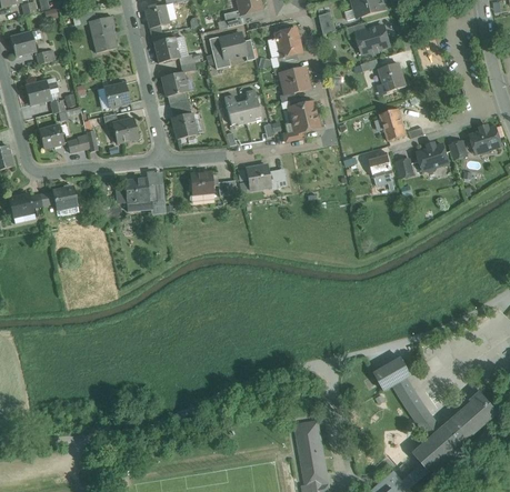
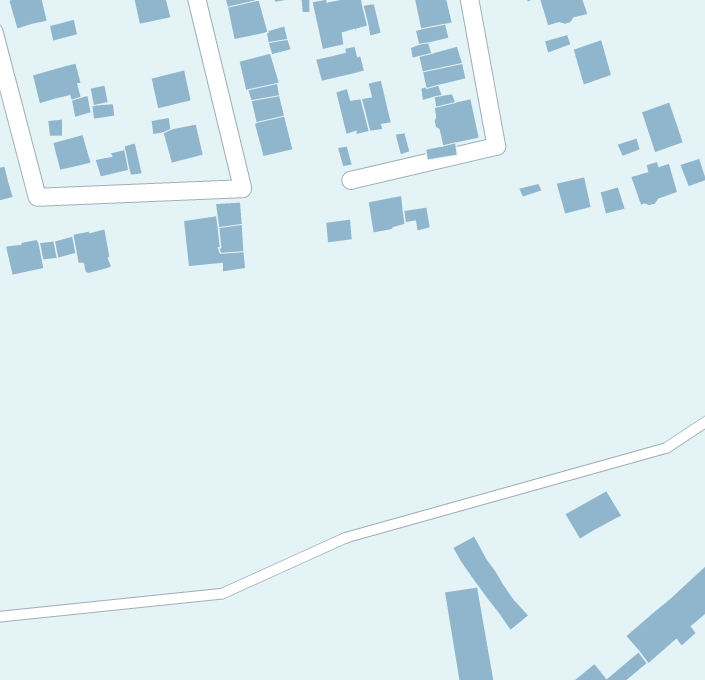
building: none -> [316,46,364,81]
building: [379,108,407,141] -> [641,102,683,153]
building: [188,171,213,201] -> none
building: [392,376,442,439] -> [453,536,529,631]

